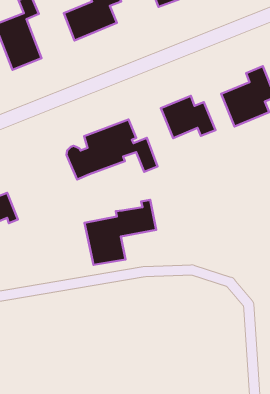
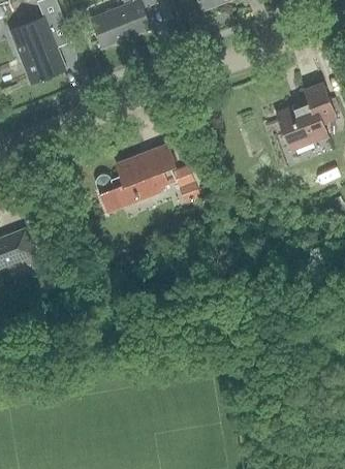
building: [161,96,216,138] -> none
building: [84,200,156,265] -> none

